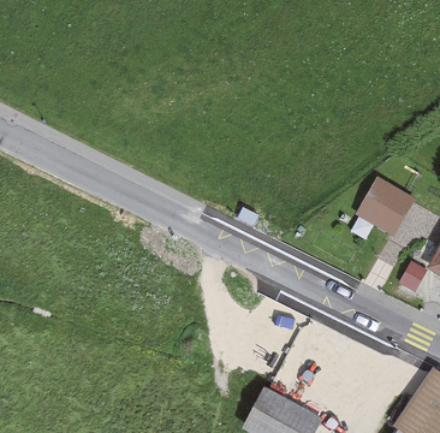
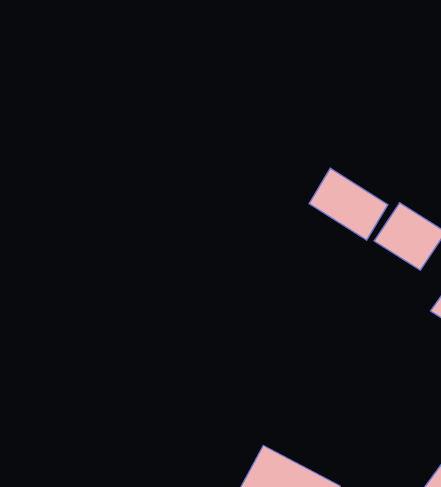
building: none -> [309,168,388,240]

